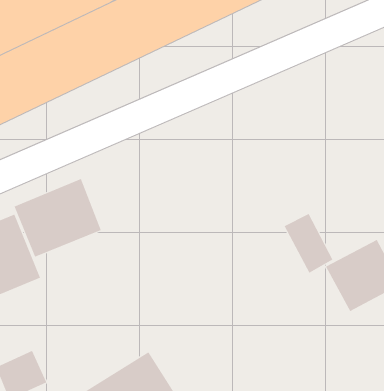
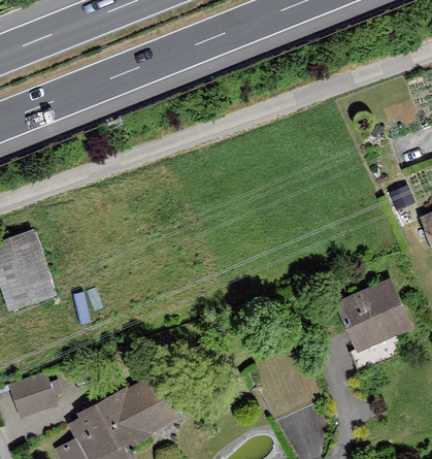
building: [14,178,101,258] -> none
building: [284,213,333,274] -> none

